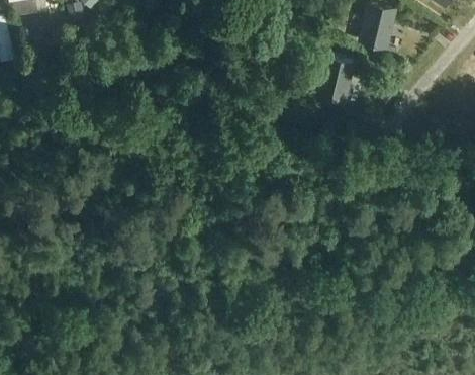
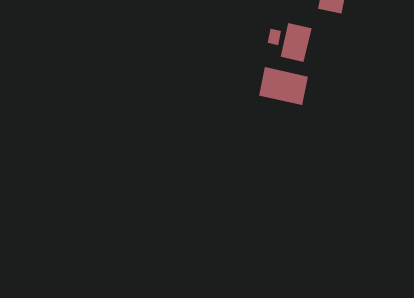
building: none -> [258,66,309,106]

